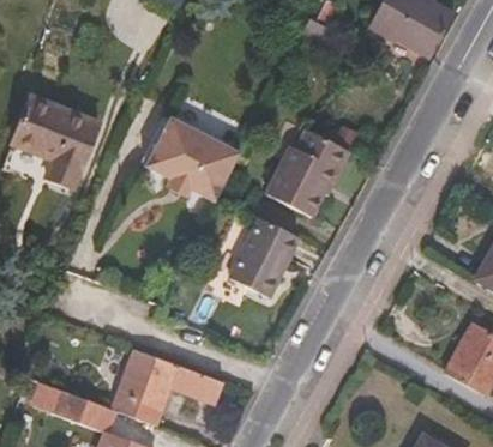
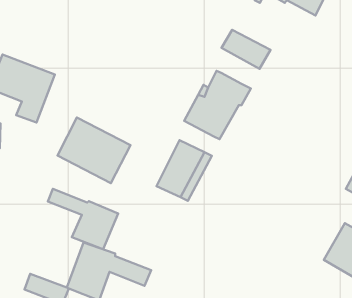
building: none -> [221,30,270,69]
building: [155,102,249,187] -> [57,118,130,183]
building: none -> [48,189,118,249]

